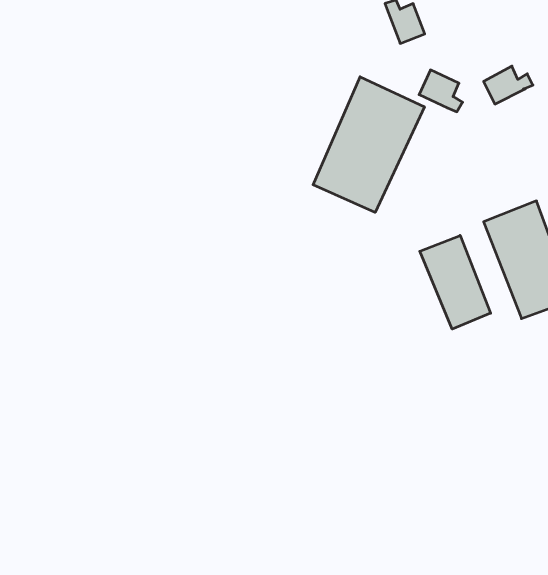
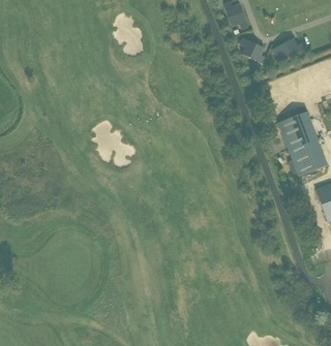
building: [313,77,424,212] -> none
building: [420,235,491,329] -> none

